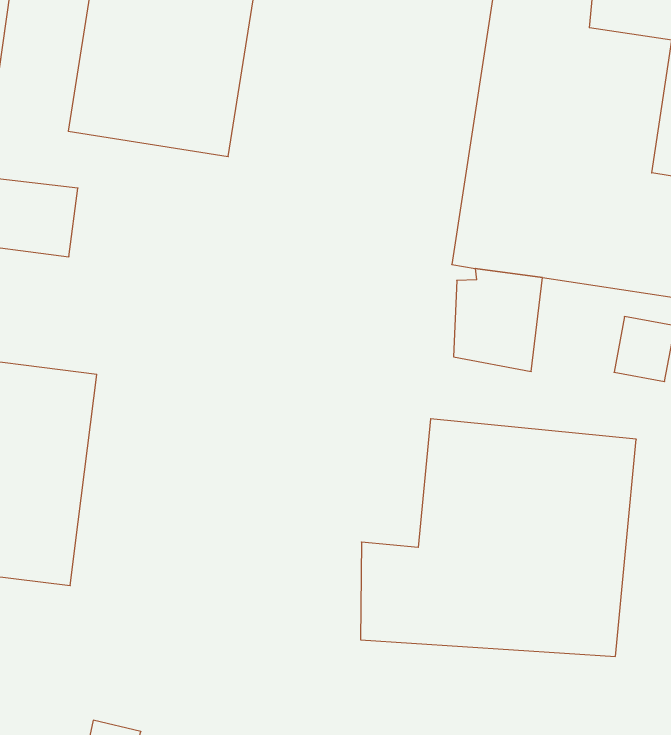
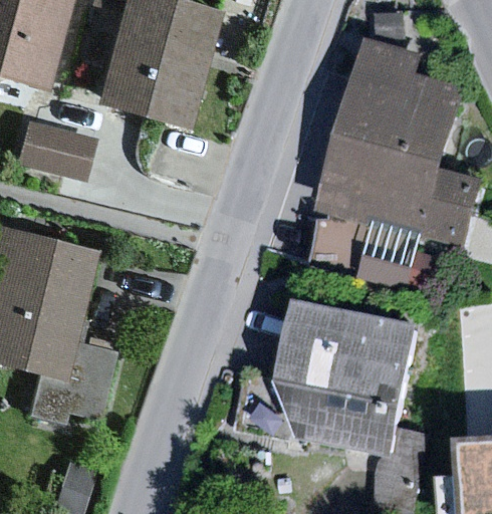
building: none -> [56,339,117,420]

